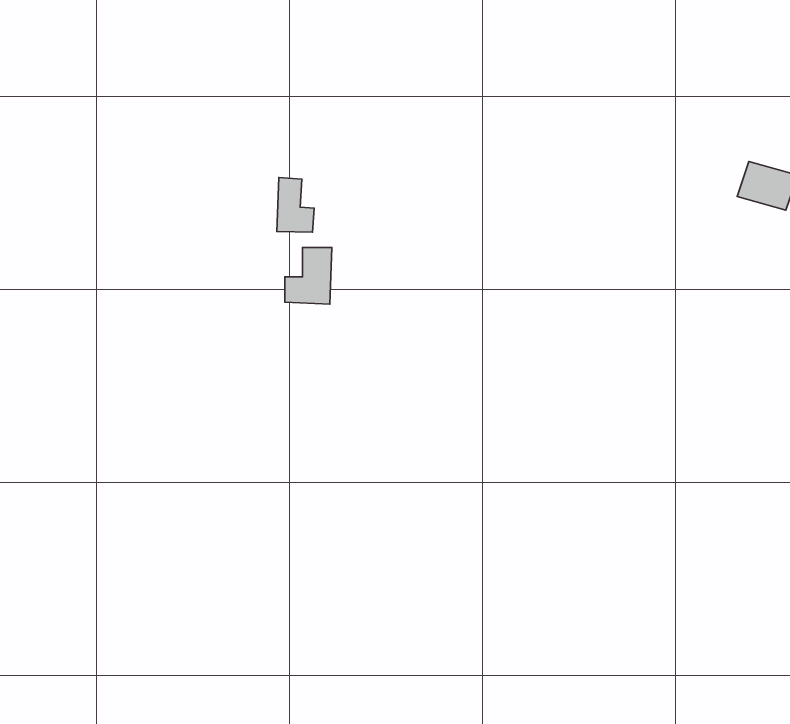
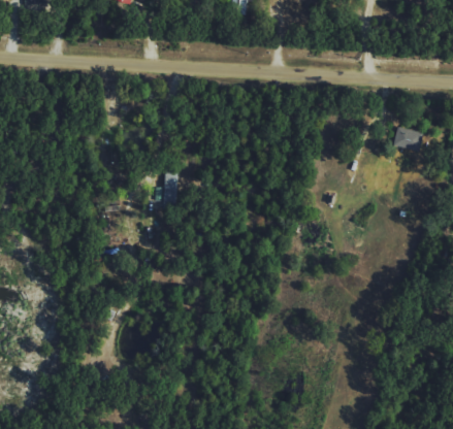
building: [277,177,314,232] -> none

